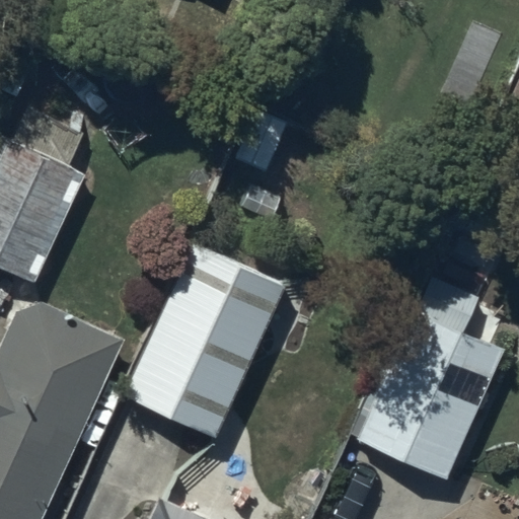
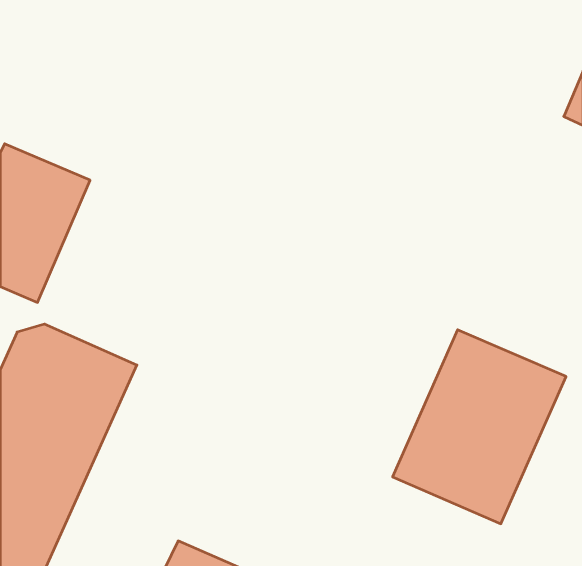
building: [122,244,283,438] -> none

